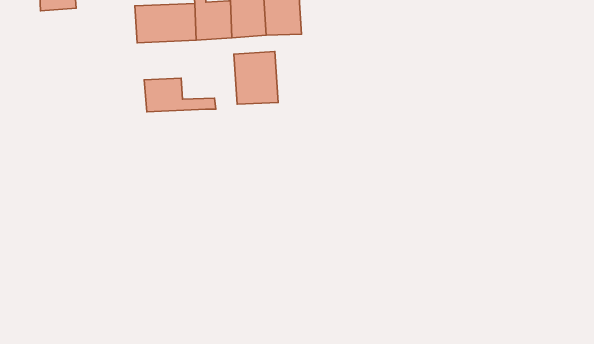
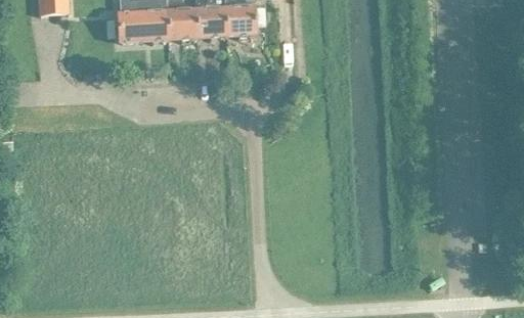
building: [234,51,278,104] -> none
building: [144,78,216,112] -> none

